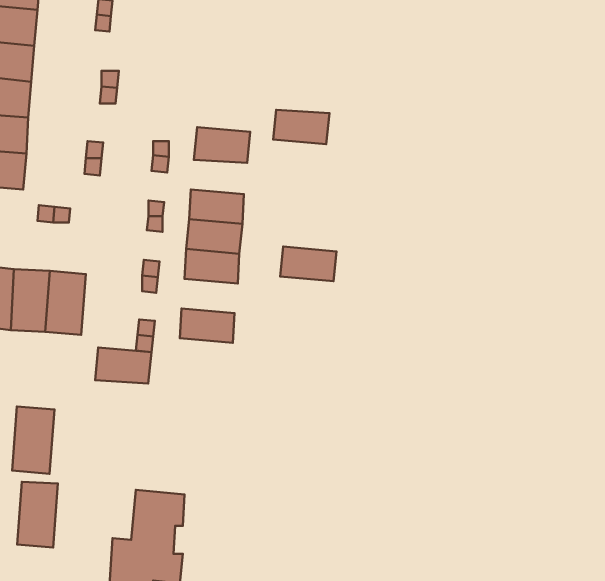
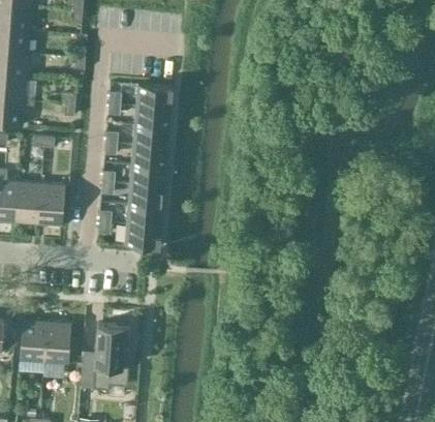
building: [273,110,329,144] -> [134,108,172,130]
building: [280,247,337,281] -> [128,186,165,209]
building: [95,347,151,383] -> [125,225,162,249]
building: [12,406,54,474] -> [43,322,71,366]

